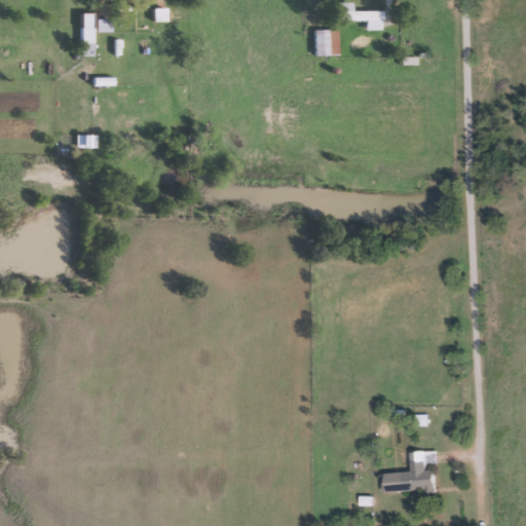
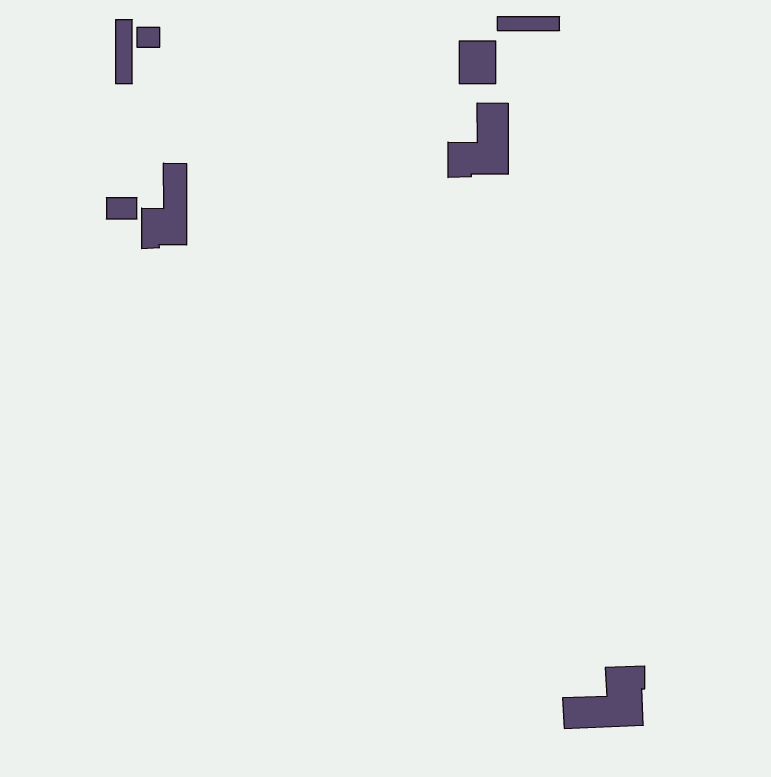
building: none -> [448,103,508,178]
building: none -> [142,163,187,249]

